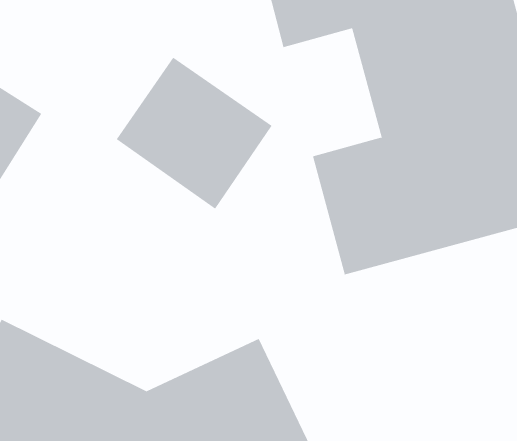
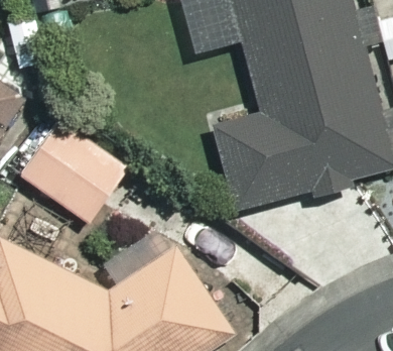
building: [116,57,273,209] -> [23,119,131,224]

